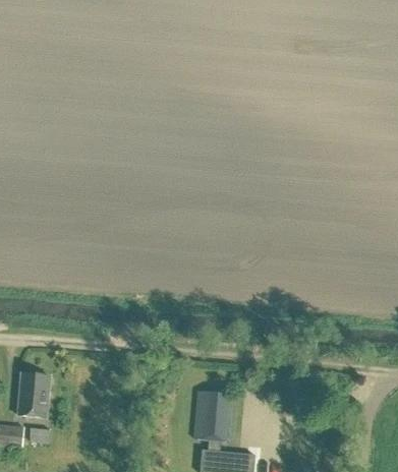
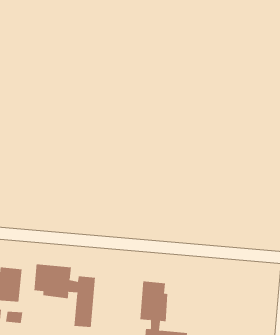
building: none -> [34,264,96,328]

